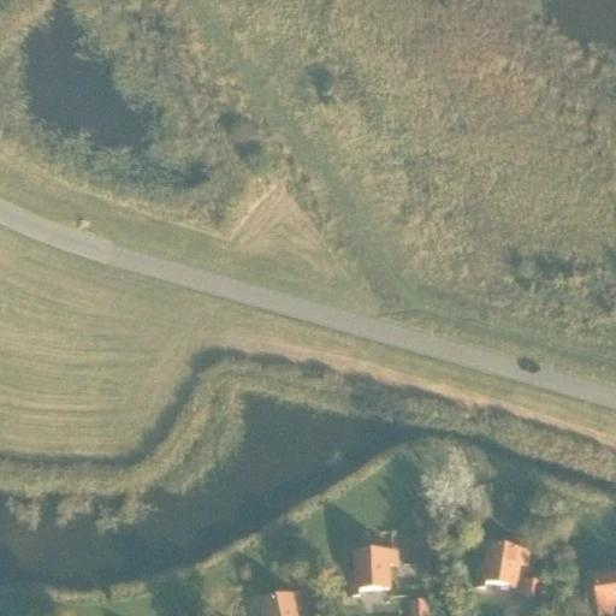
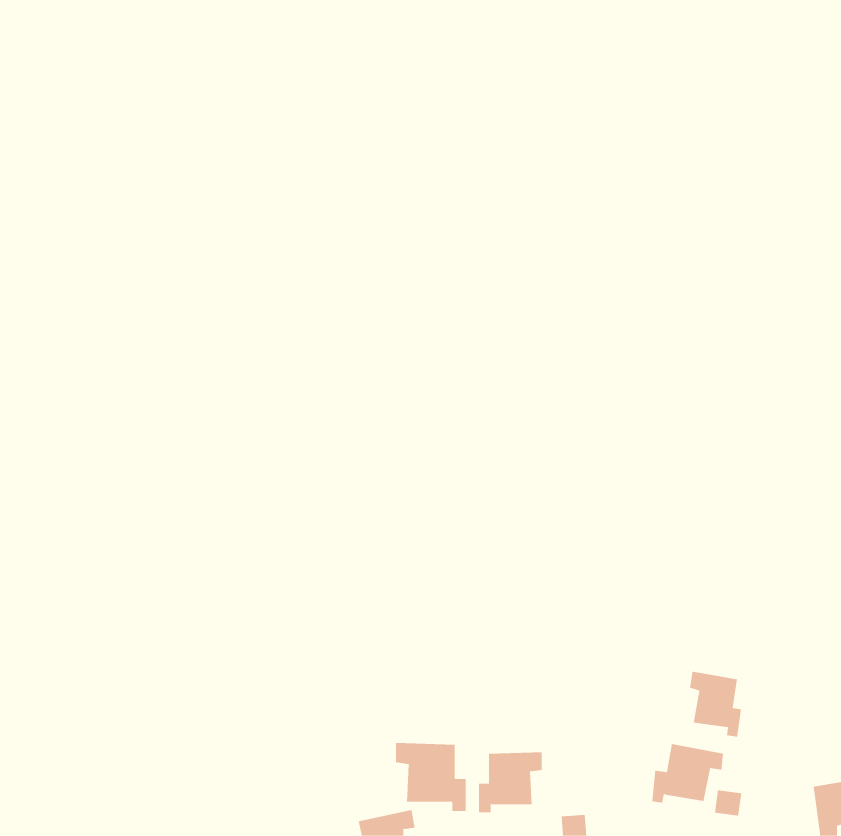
building: none -> [690,671,742,738]
building: none -> [396,742,466,812]

